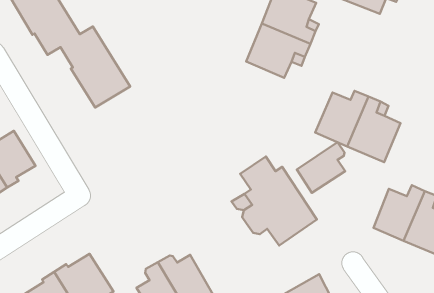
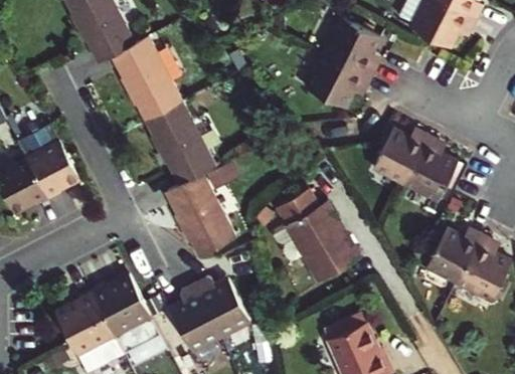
building: none -> [144,104,236,259]
building: [297,142,345,193] -> none

